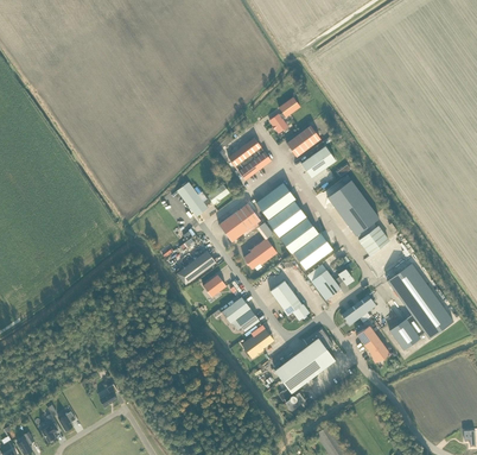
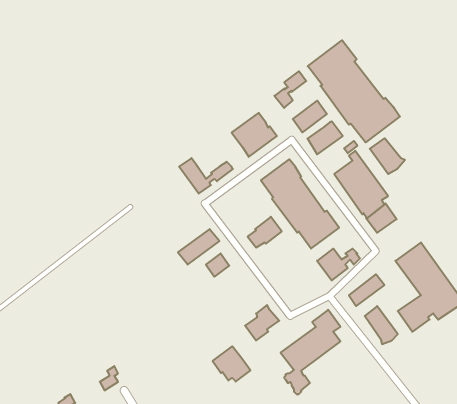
building: none -> [308,40,400,142]
building: none -> [370,138,405,174]
building: [218,203,260,242] -> none
building: [271,280,310,321] -> none
building: [222,297,259,331] -> [213,346,250,382]

